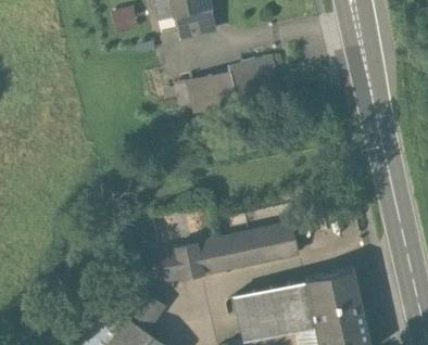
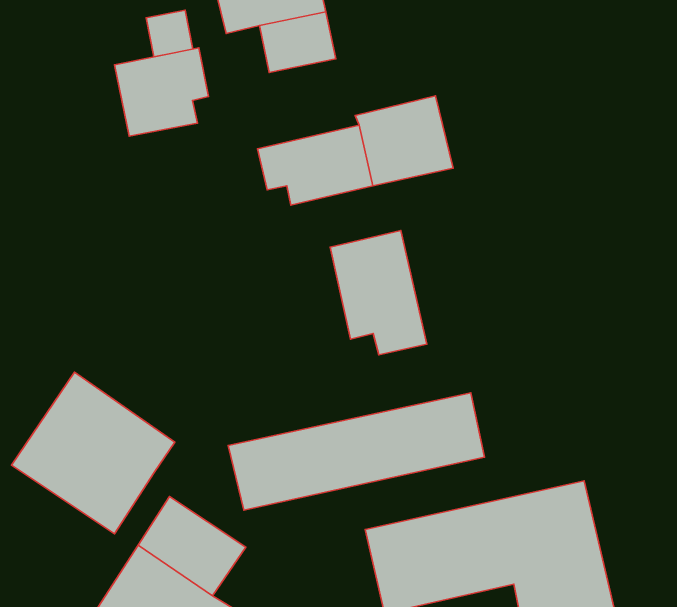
building: none -> [115,48,208,136]
building: none -> [330,231,427,355]
building: none -> [12,372,175,534]

